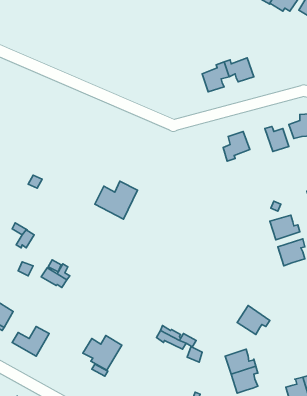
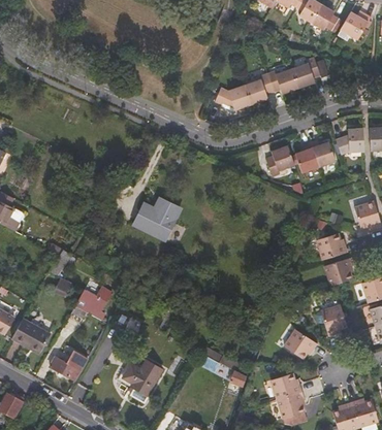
building: none -> [292,60,320,91]
building: none -> [216,88,252,112]
building: none -> [295,144,319,174]
building: none -> [315,305,346,338]

